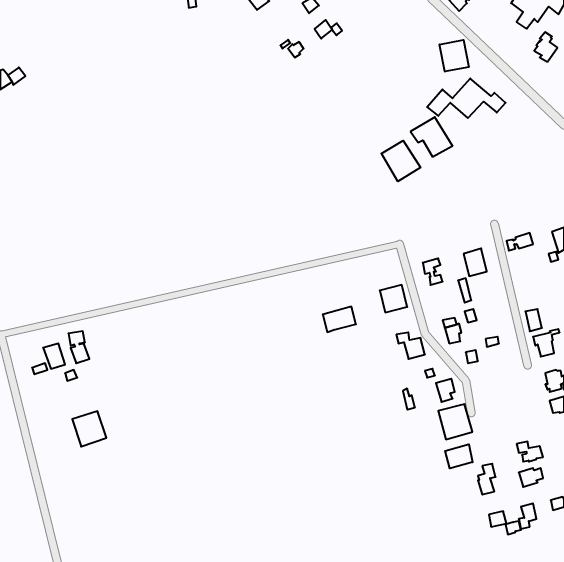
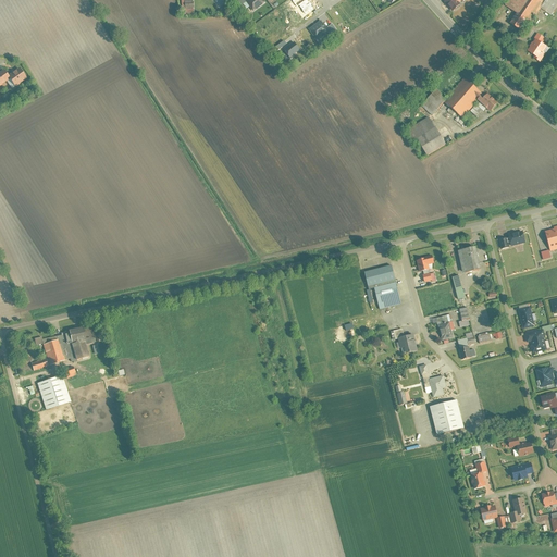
building: [440,40,469,72] -> none
building: [381,141,420,181] -> none
building: [323,307,356,332] -> [363,263,396,288]
building: [72,411,106,447] -> [38,373,72,408]
building: [445,444,473,468] -> none

